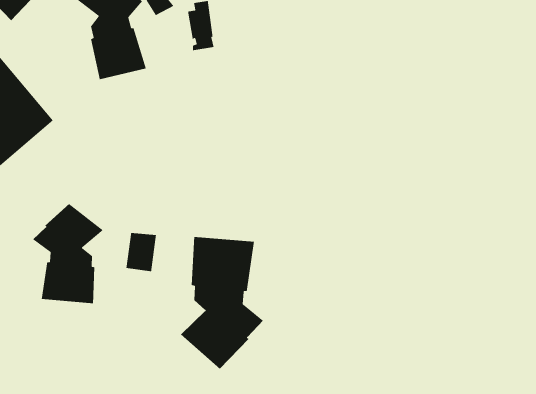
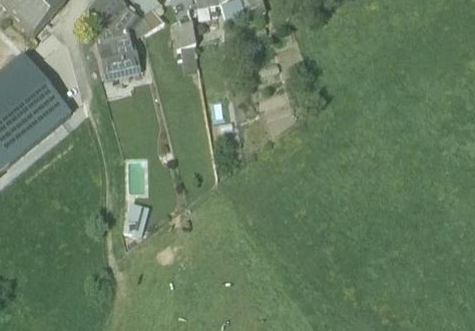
building: [32,203,104,304] -> none
building: [180,236,264,370] -> none

